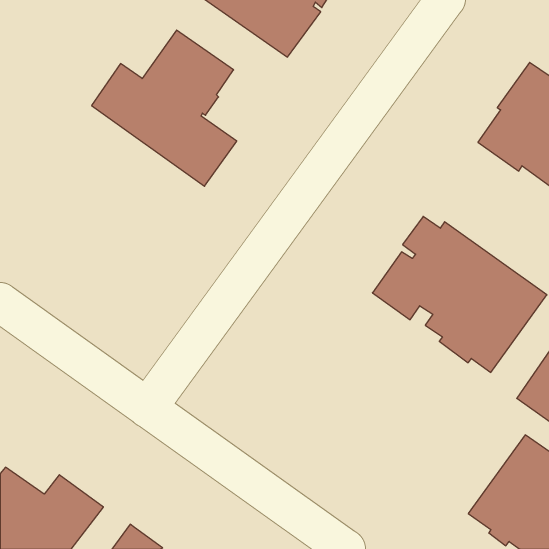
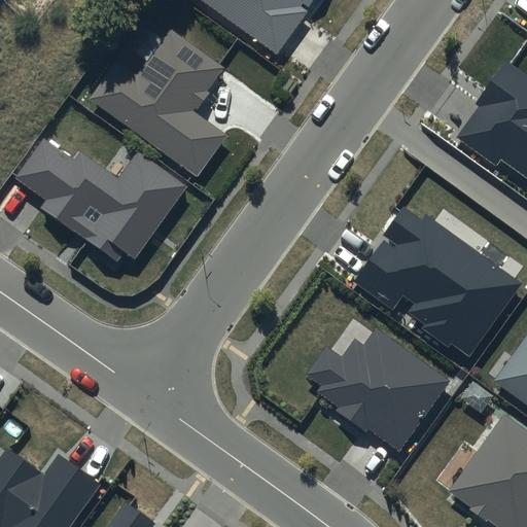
building: none -> [13,137,188,260]
building: none -> [307,327,451,451]

